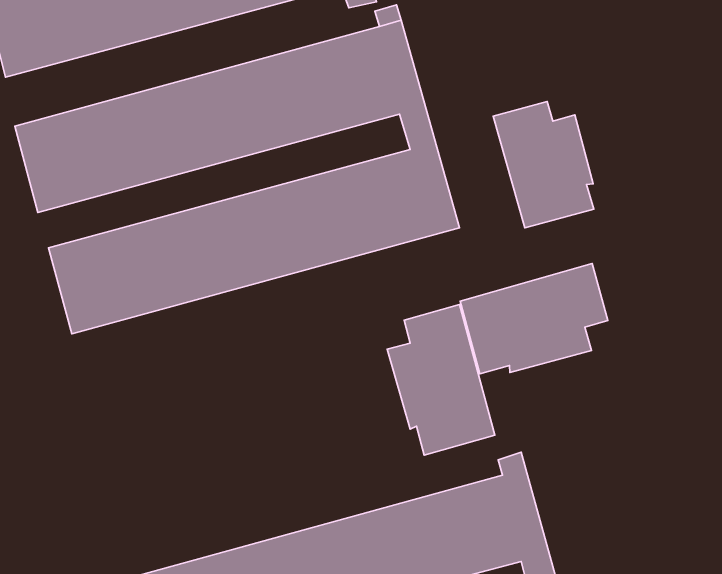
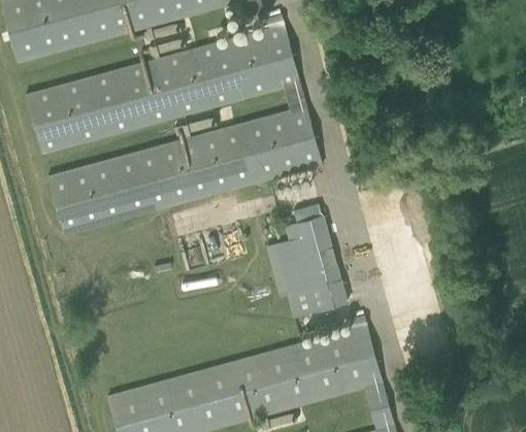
building: [493,102,594,228] -> none
building: [460,263,608,374] -> none

